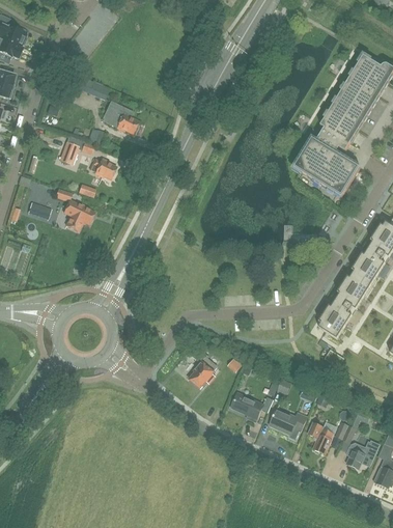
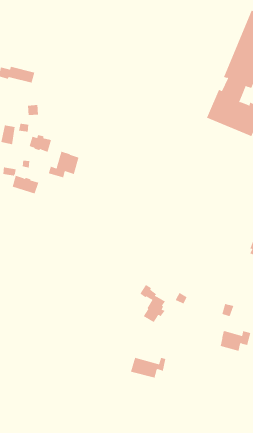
building: [102,100,139,133] -> none
building: none -> [48,149,79,178]
building: [230,391,273,418] -> [130,357,166,378]

